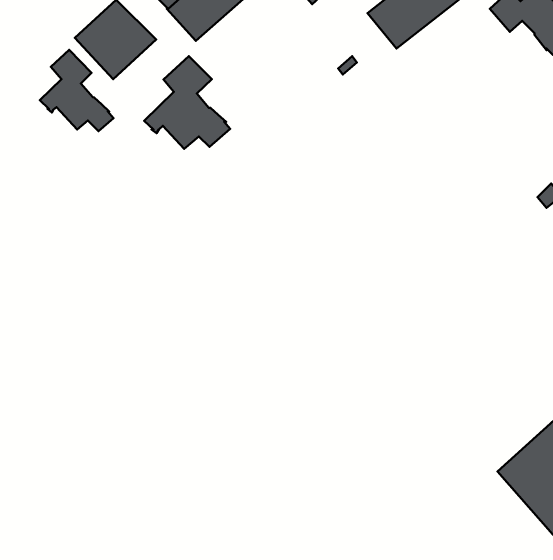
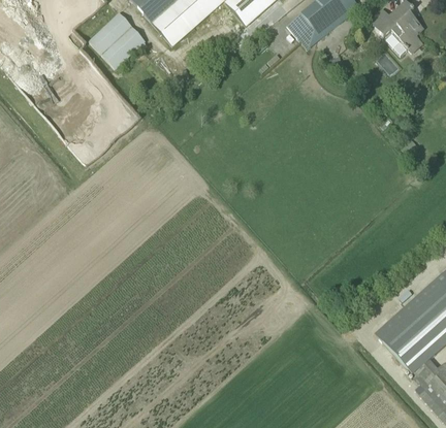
building: [40,50,114,131] -> none
building: [144,56,230,149] -> none

